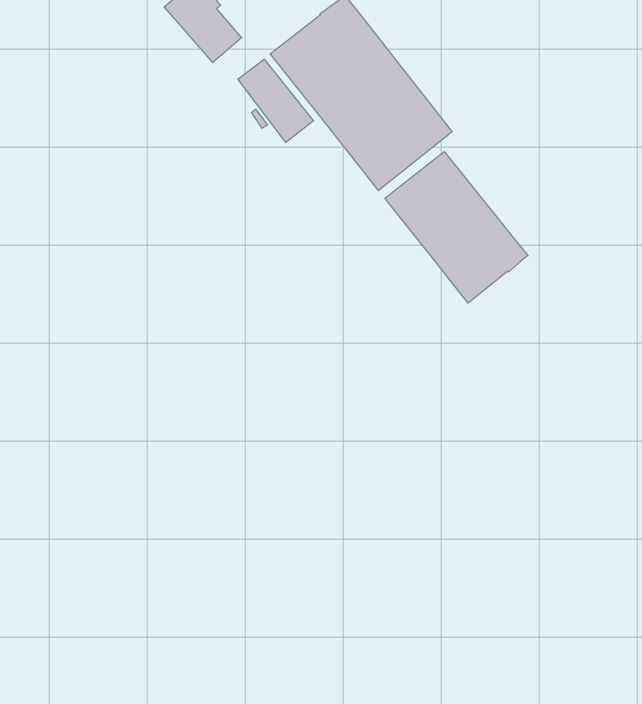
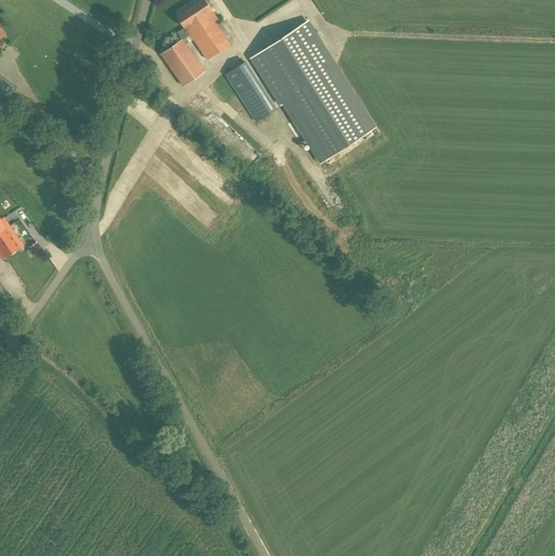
building: none -> [159,38,204,87]
building: [385,152,528,303] -> none

